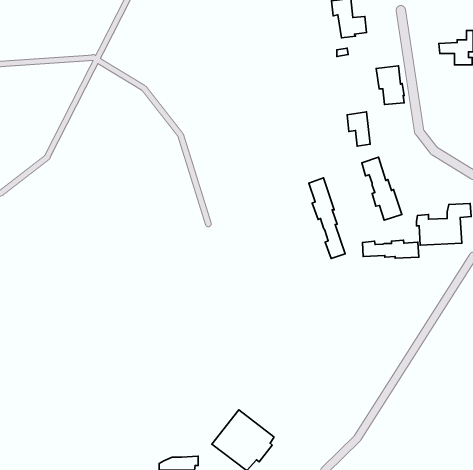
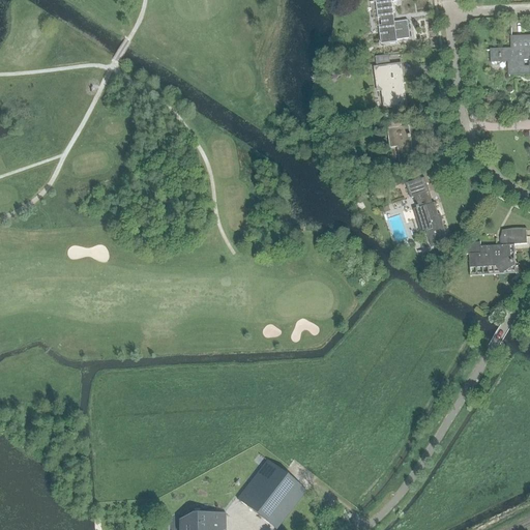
building: [376,66,404,105] -> [374,63,405,107]
building: [309,178,345,258] -> none
building: [363,240,419,258] -> none

